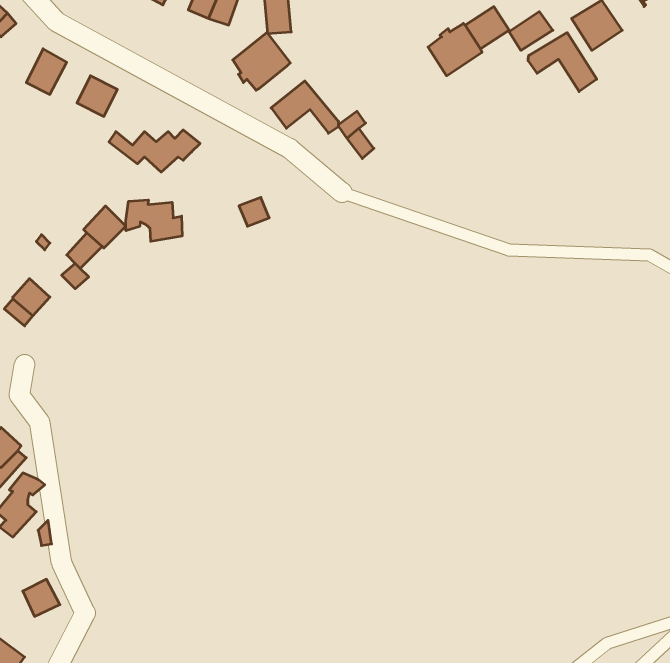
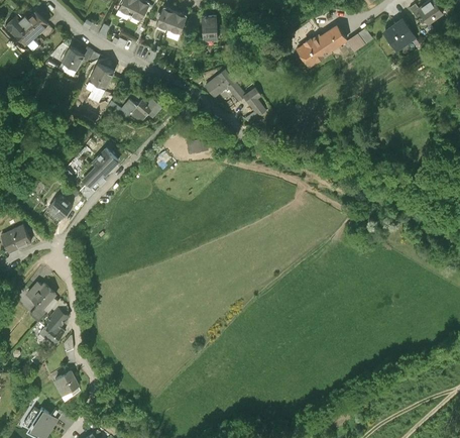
building: [233,33,290,90] -> none
building: [528,33,597,92] -> none
building: [126,200,182,241] -> none

